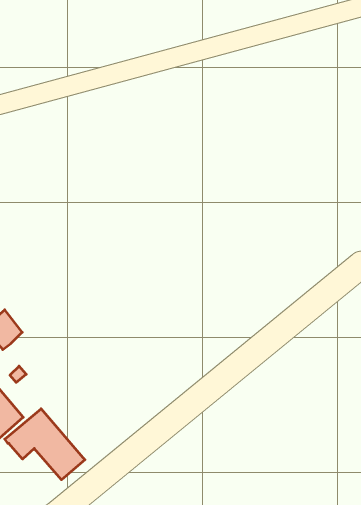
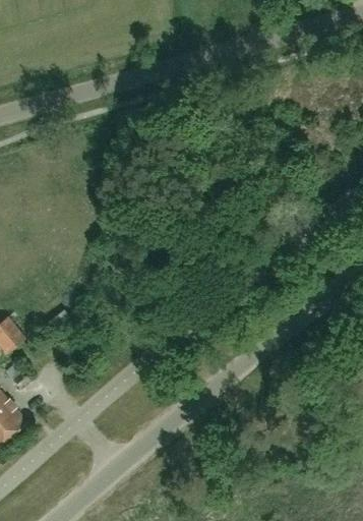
building: [5,409,85,480] -> none

